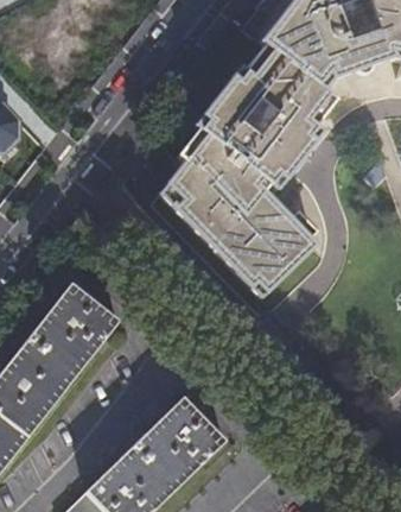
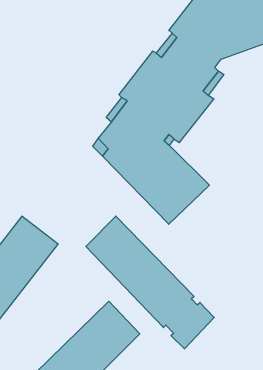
building: none -> [86,216,214,349]

